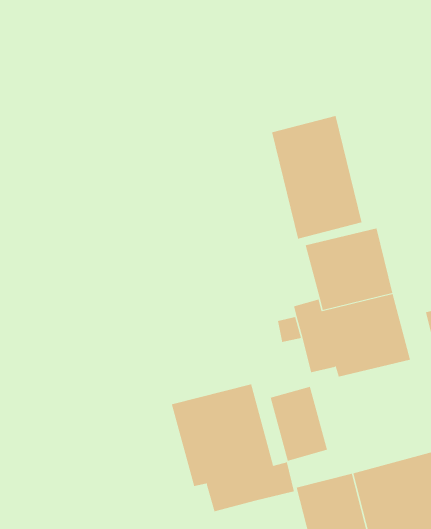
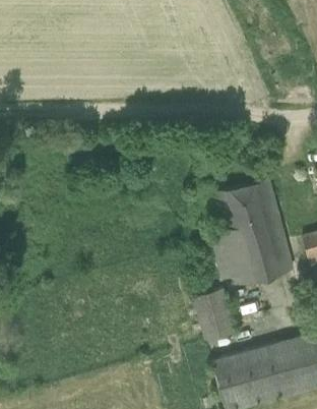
building: [271,115,362,240] -> none
building: [171,384,294,512] -> none

